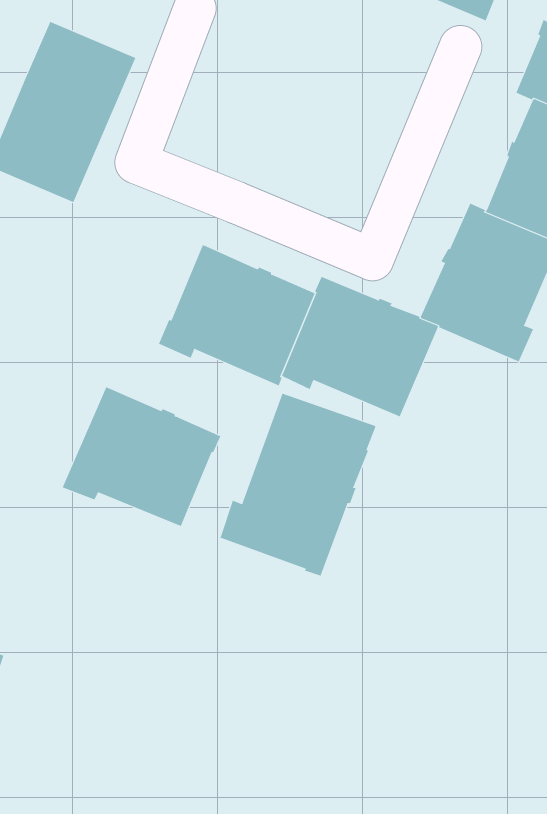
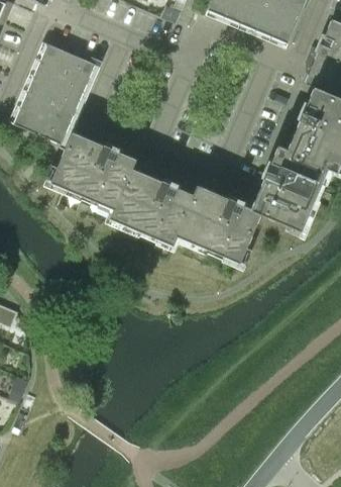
building: [62,387,221,528] -> [48,130,136,208]
building: [219,393,376,577] -> none

